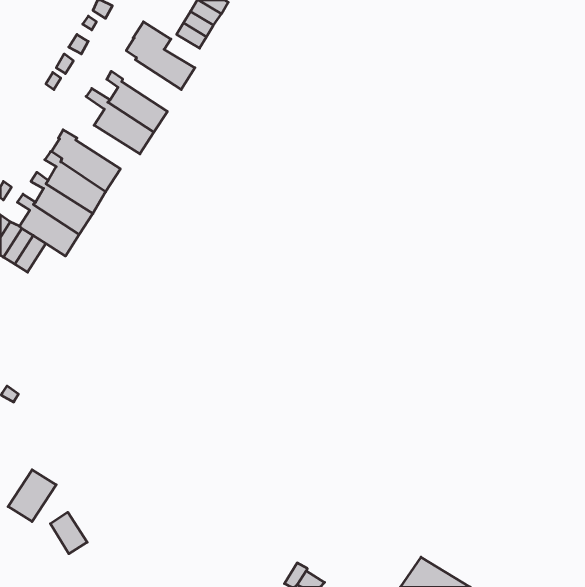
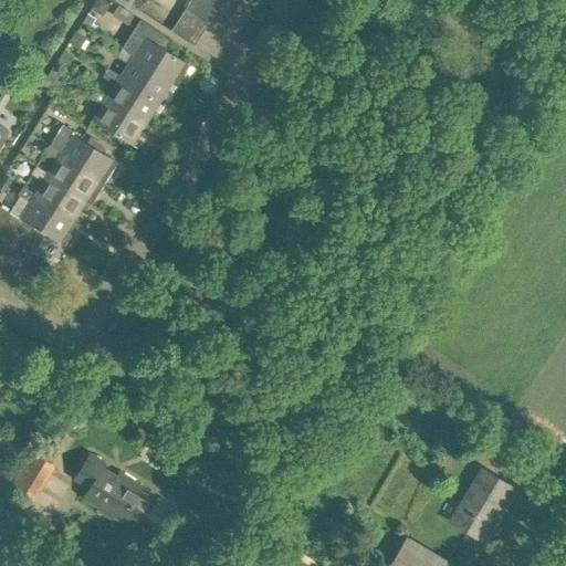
building: none -> [116,49,176,107]
building: none -> [74,454,167,530]
building: none -> [447,467,513,541]

